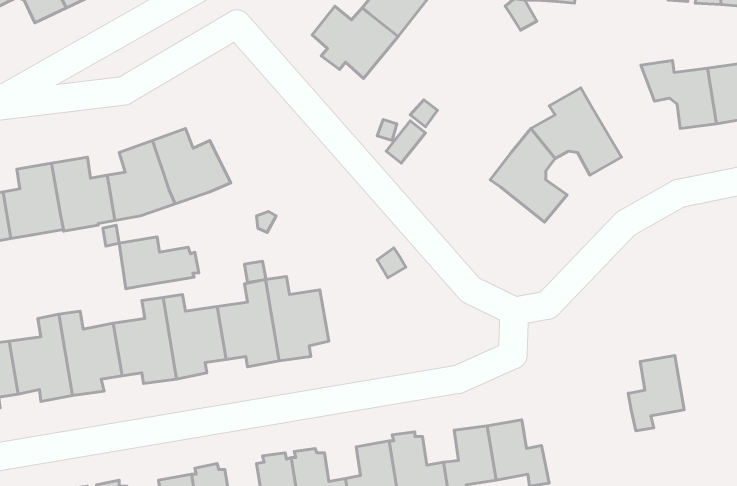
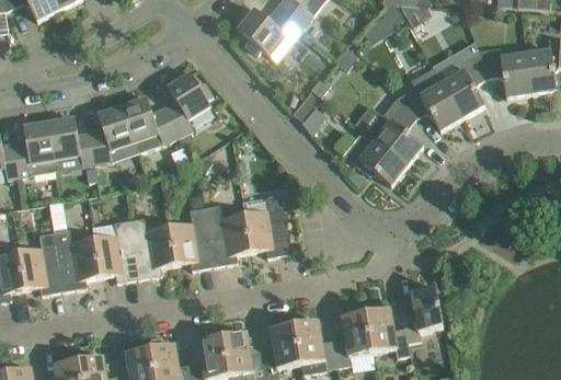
building: none -> [432,41,486,117]
building: none -> [163,72,211,136]
building: none -> [343,129,407,185]
building: [119,237,199,289] -> none
building: none -> [241,194,289,256]
building: [628,355,684,431] -> [402,287,443,342]

